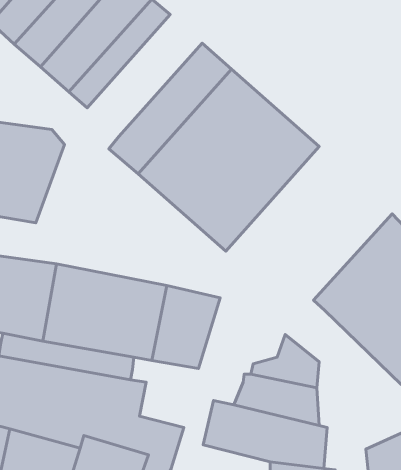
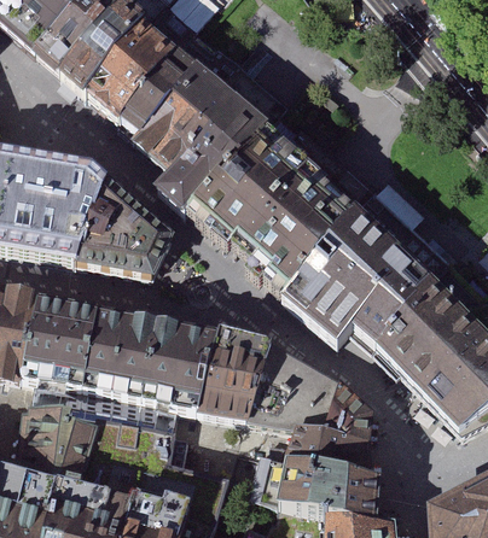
building: none -> [126,43,248,172]
building: none -> [71,181,167,277]
building: none -> [273,183,449,346]
building: none -> [244,344,336,433]

